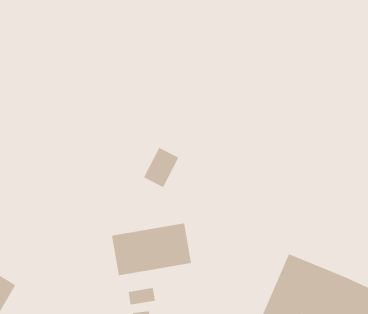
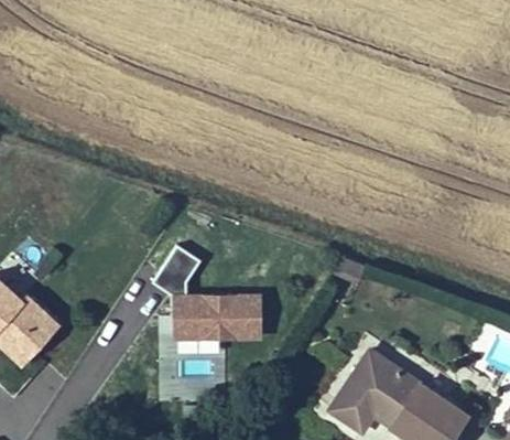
building: [143,147,179,188] -> [158,246,202,292]

